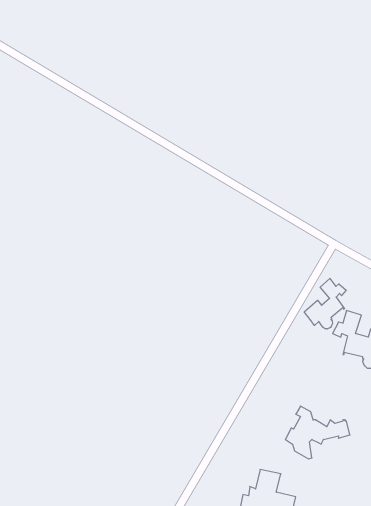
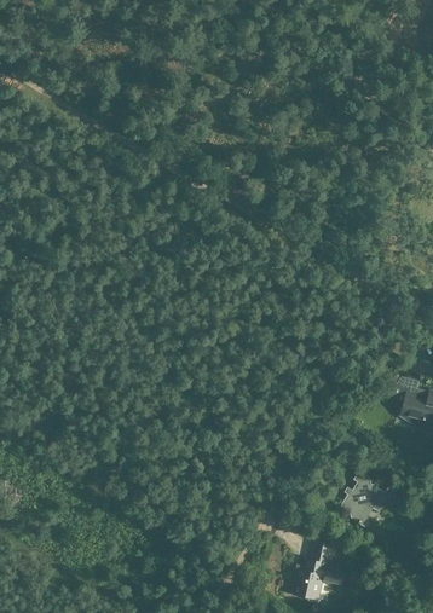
building: [304,278,346,329] -> none

